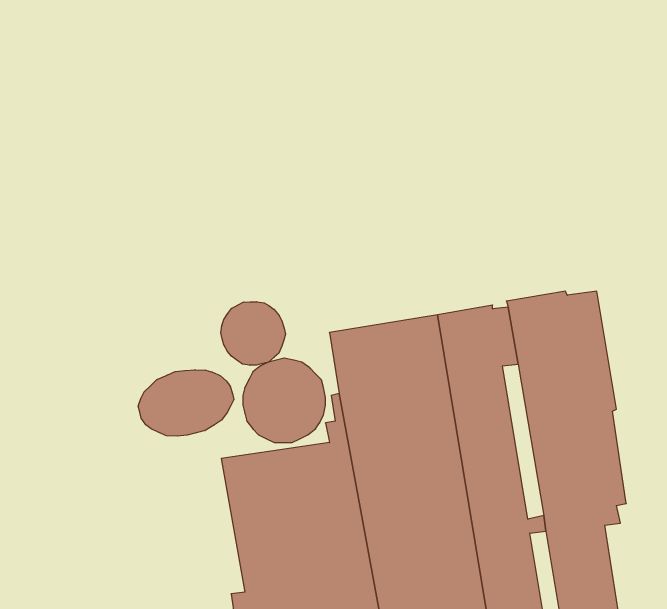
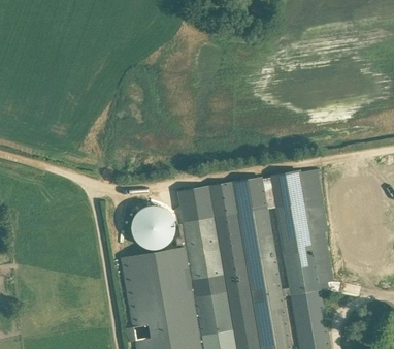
building: [221,302,286,365] -> none
building: [138,370,234,436] -> none

